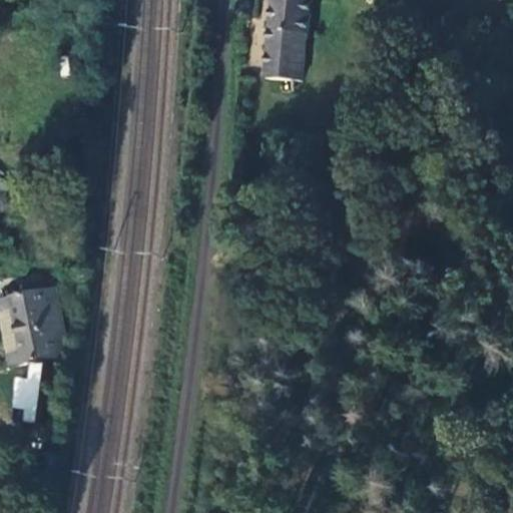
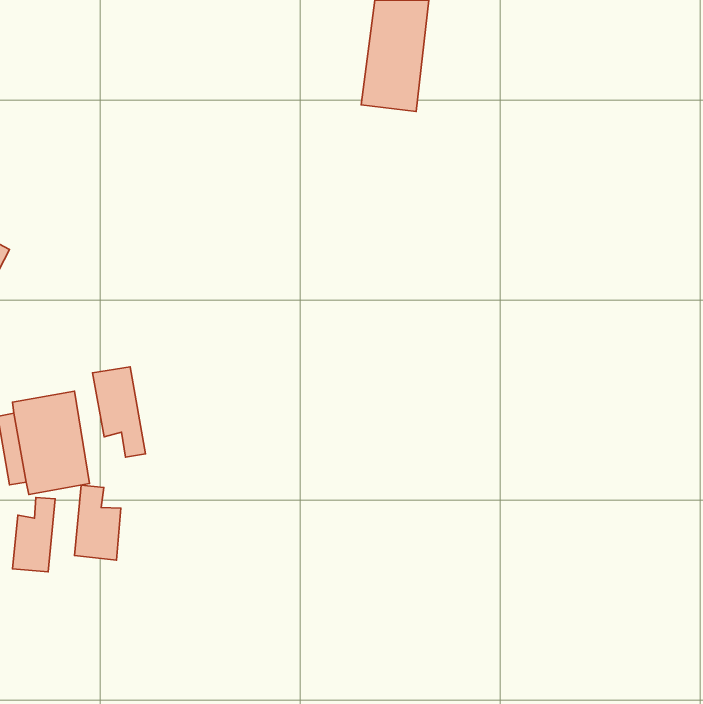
building: none -> [92,367,146,457]
building: none -> [75,485,121,560]

